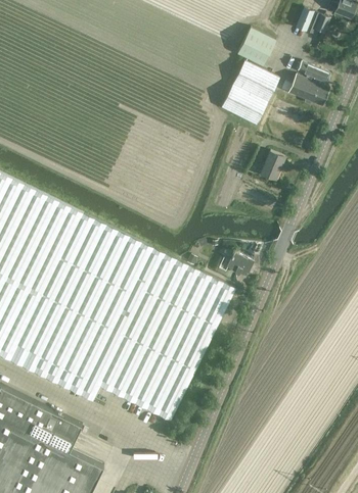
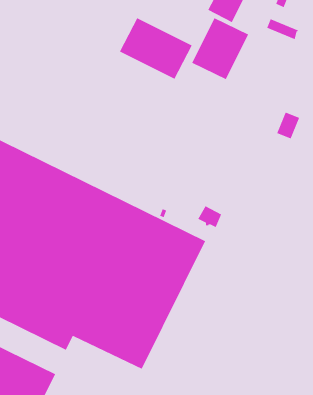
building: none -> [119,17,193,80]
building: [287,75,328,106] -> none
building: [260,151,284,180] -> [276,111,300,139]

